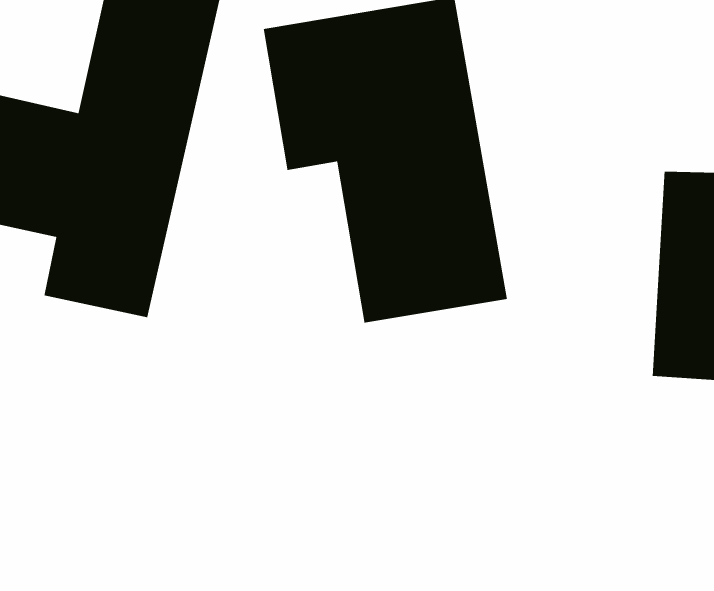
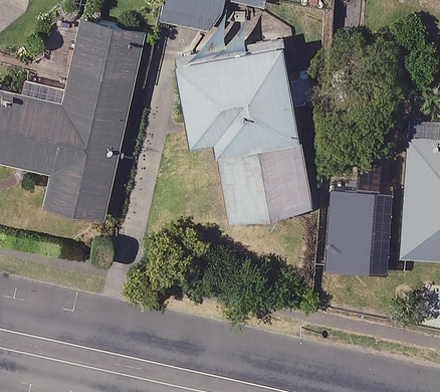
building: none -> [325,188,372,273]

